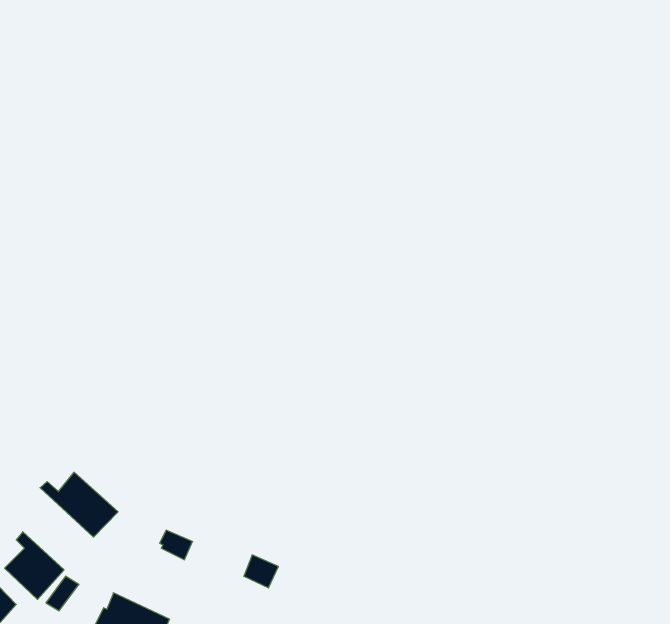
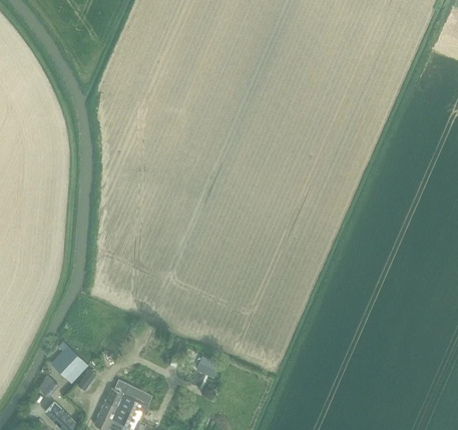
building: [40,472,118,537] -> none

